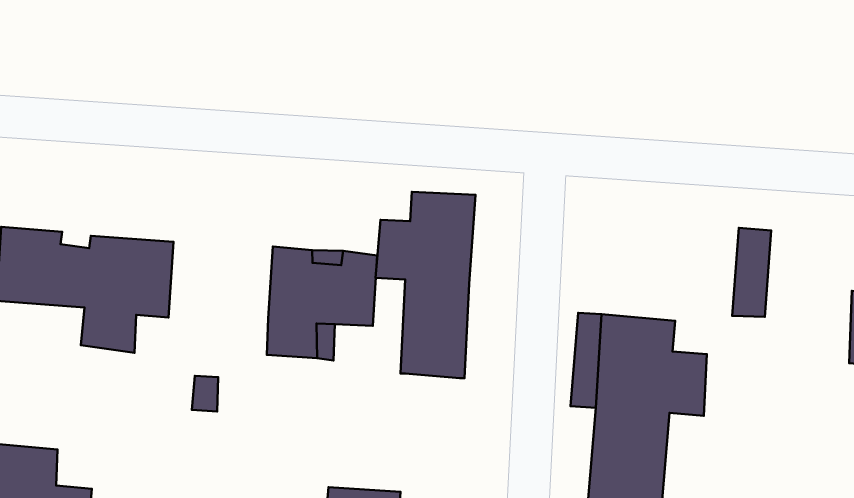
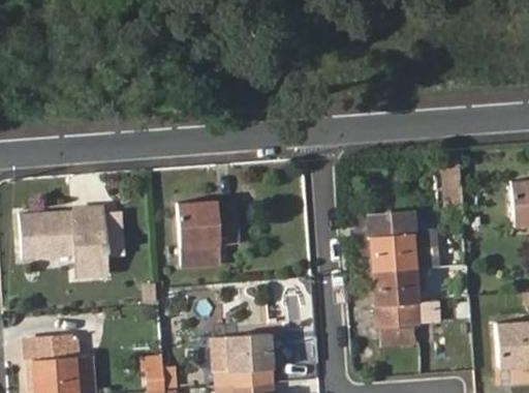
building: [376,192,476,378] -> none

